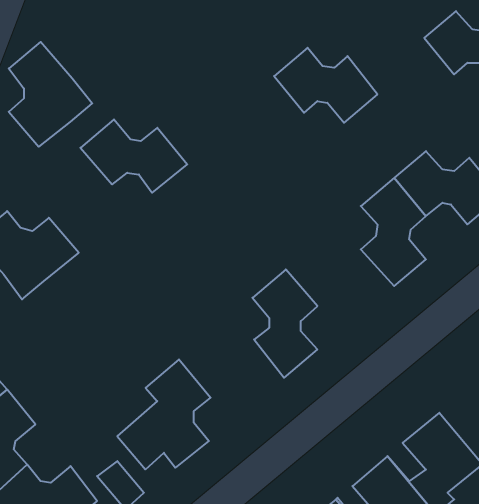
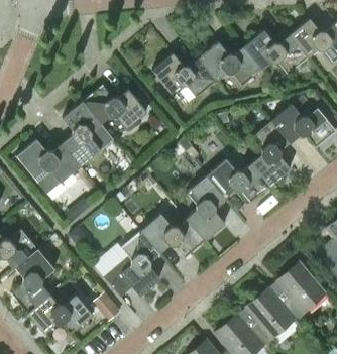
building: none -> [243,29,308,75]
building: [9,42,92,147] -> [63,102,113,165]
building: none -> [152,53,217,98]
building: none -> [206,158,271,203]
building: none -> [141,214,205,258]

